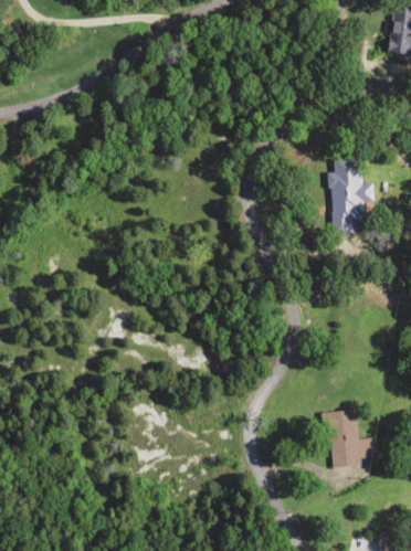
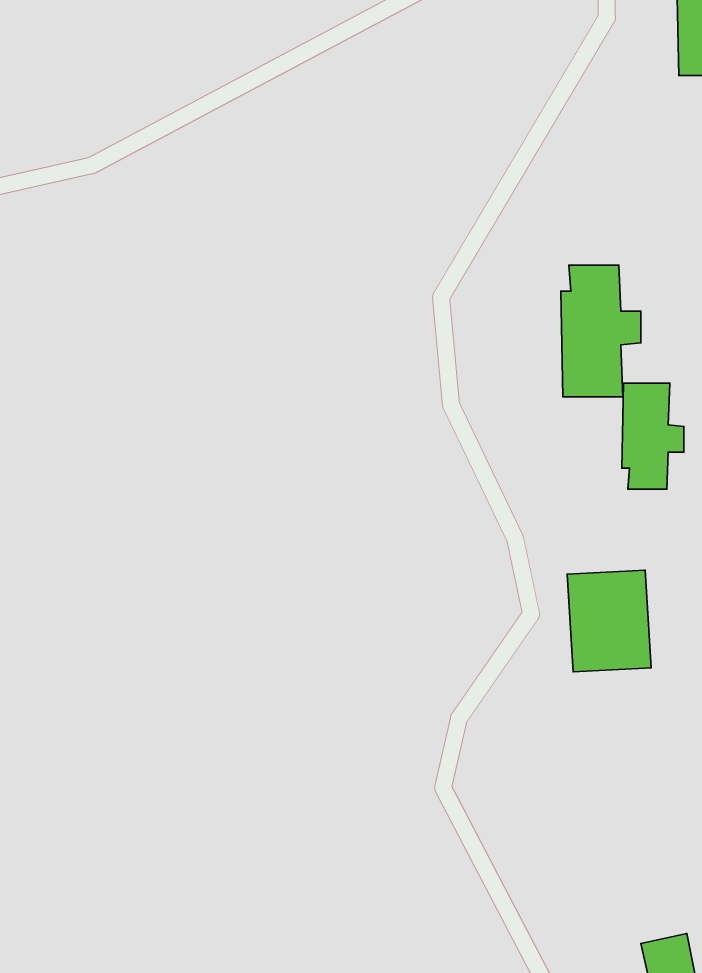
building: none -> [622,383,684,489]
building: [326,410,372,466] -> [567,570,651,672]

